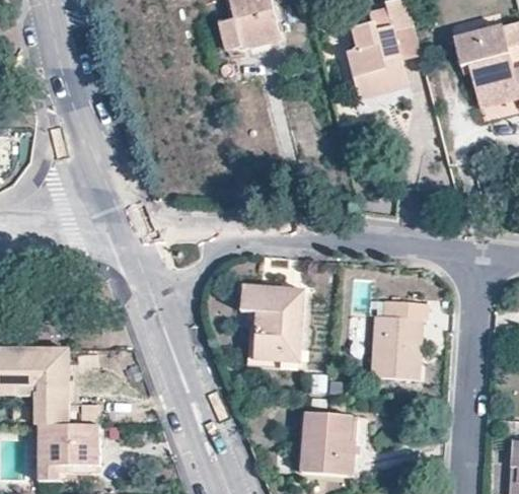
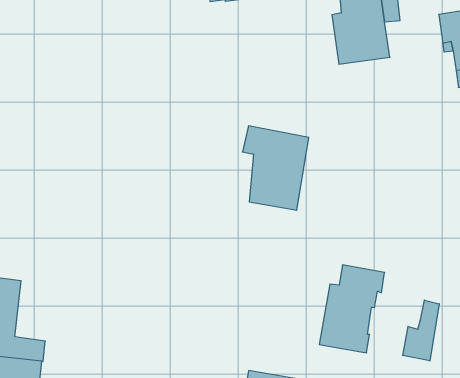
building: [241,284,305,362] -> [242,126,309,210]
building: none -> [403,300,439,361]

